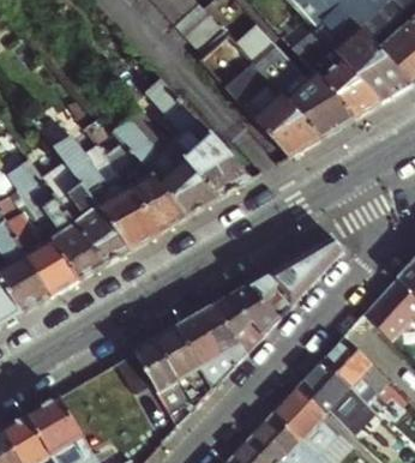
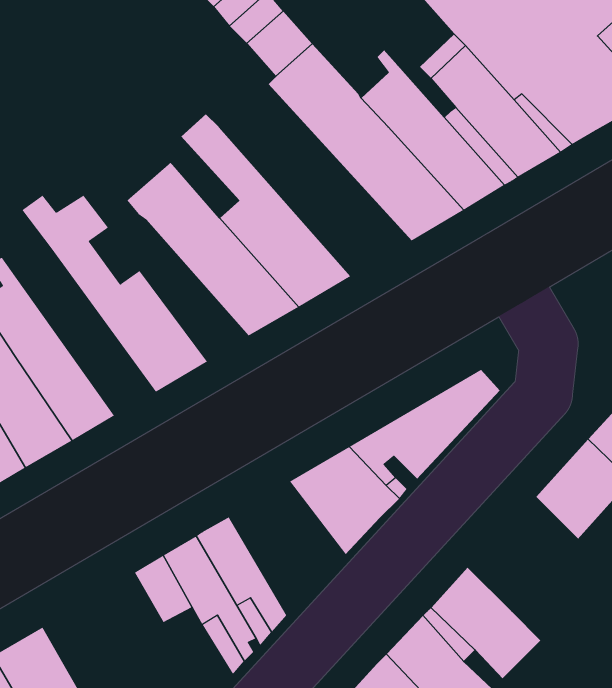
building: [103,139,187,230] -> none
building: [43,161,130,264] -> none
building: [175,305,247,387] -> none
building: [323,336,389,391] -> none

